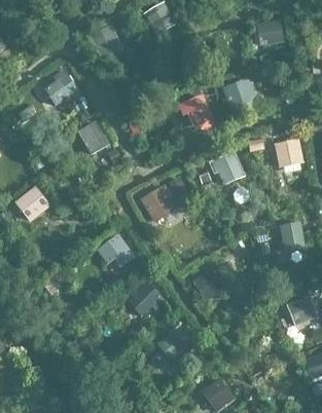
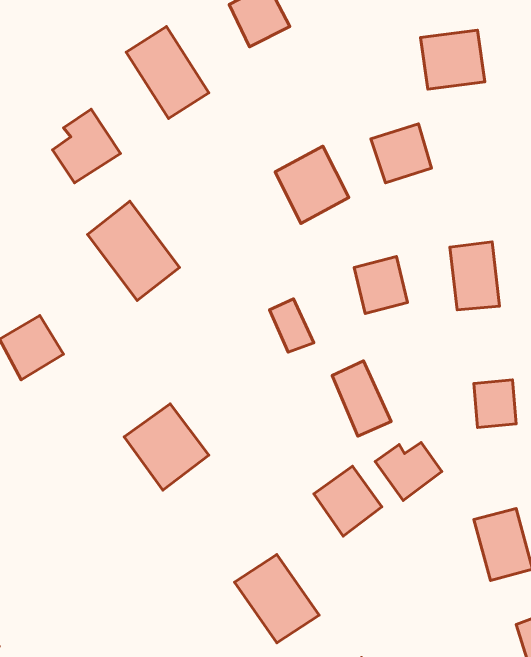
building: [142,179,175,221] -> [332,361,391,436]
building: none -> [375,442,442,501]
building: [128,279,164,316] -> none

